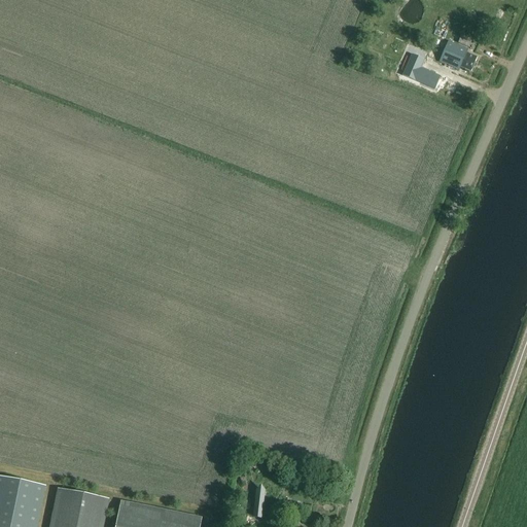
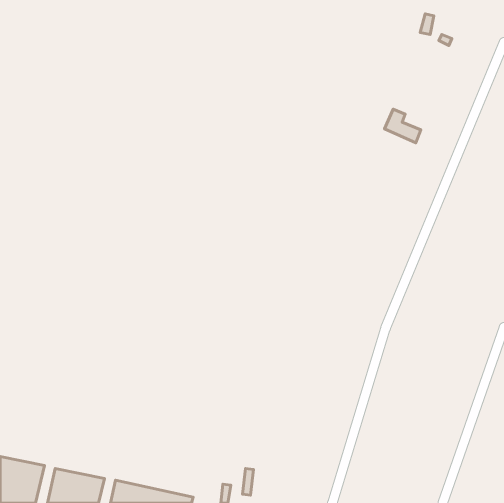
building: [440,41,477,71] -> none
building: [402,55,441,90] -> [384,109,421,143]

